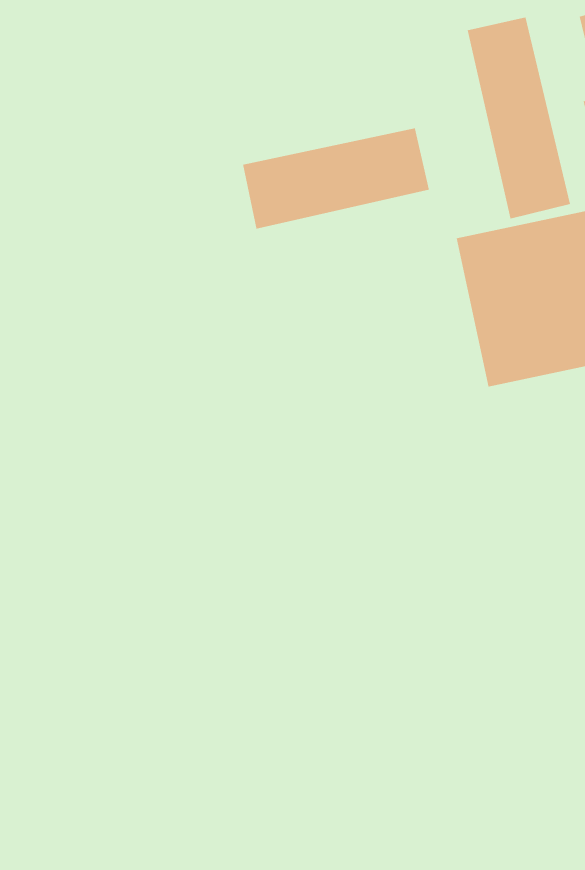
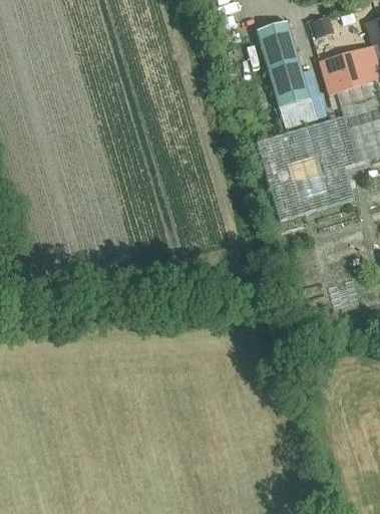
building: [242,128,430,229] -> none

